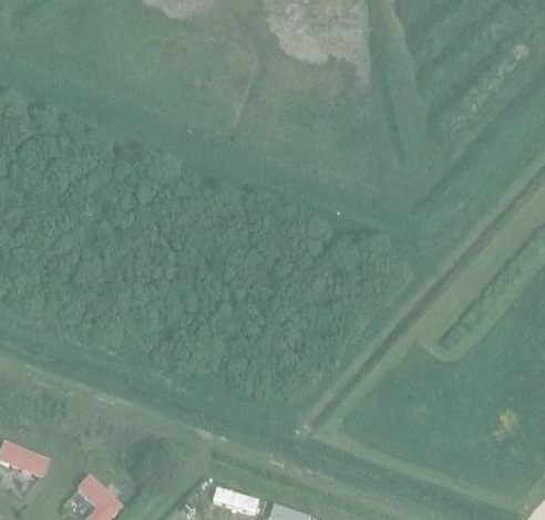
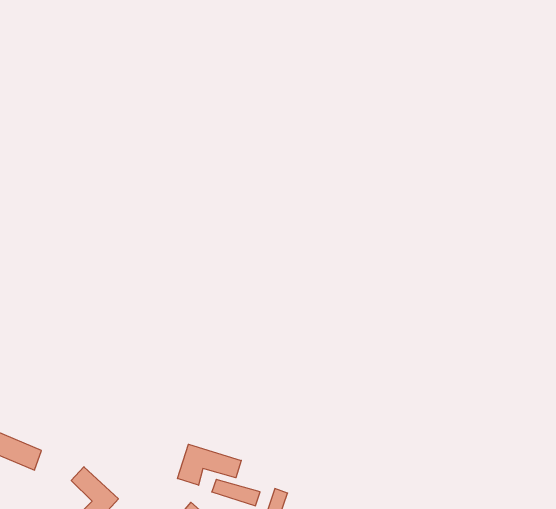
building: none -> [178,444,241,485]

